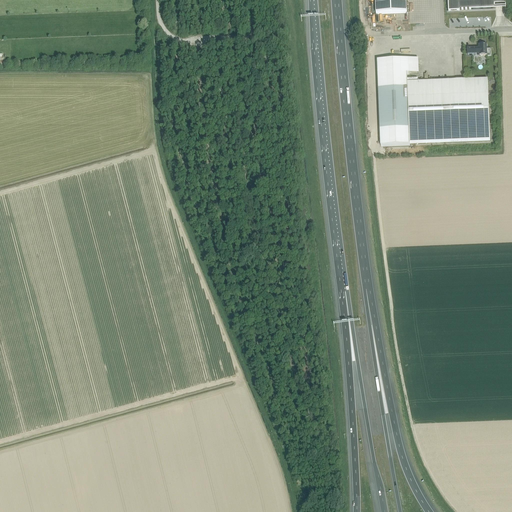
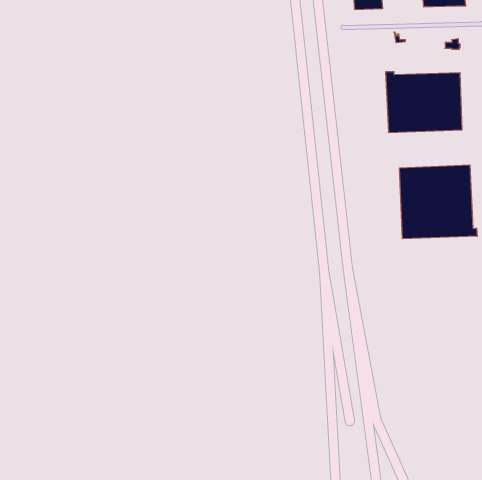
building: [376,56,411,143] -> none
building: none -> [400,165,477,239]

